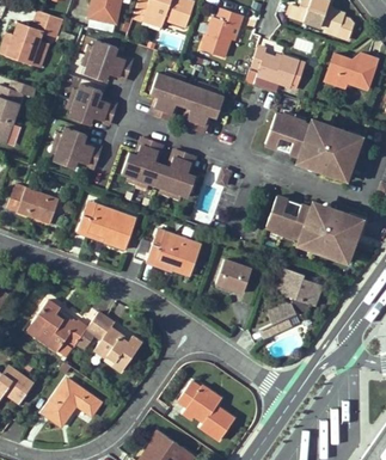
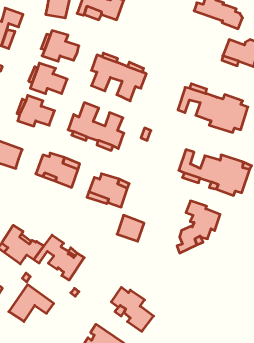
building: [201,8,243,57] -> none
building: [251,48,306,91] -> none
building: [216,259,252,294] -> [117,215,144,241]

